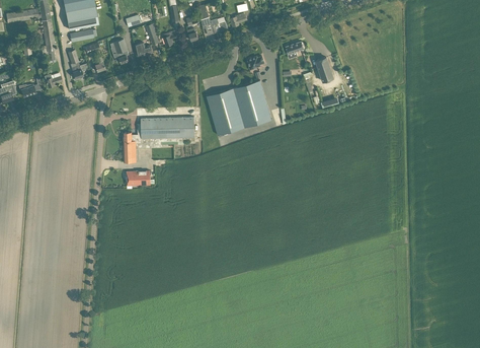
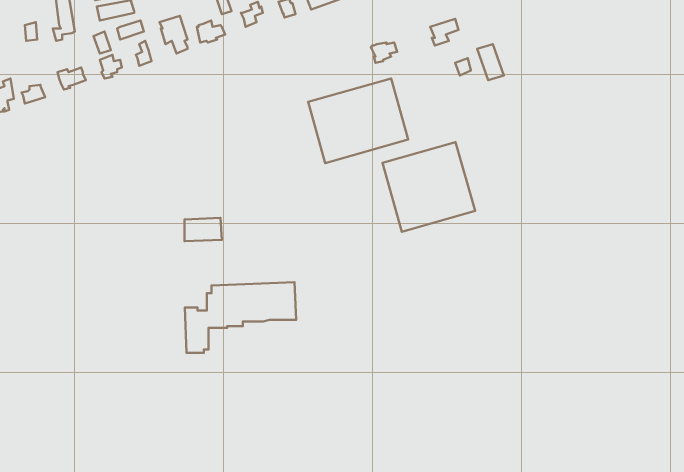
building: [123,116,194,161] -> [185,282,296,353]
building: none -> [382,142,475,232]

